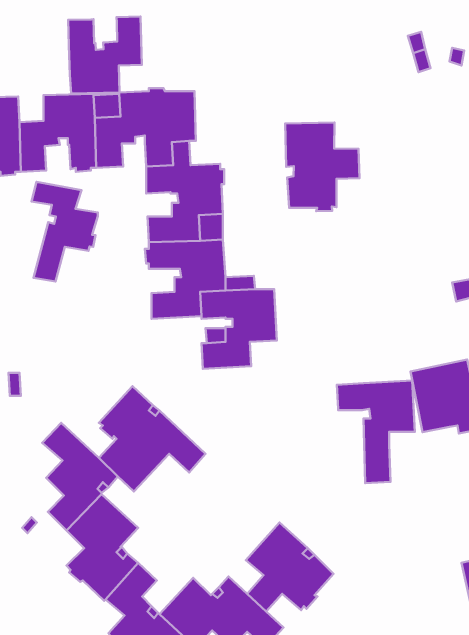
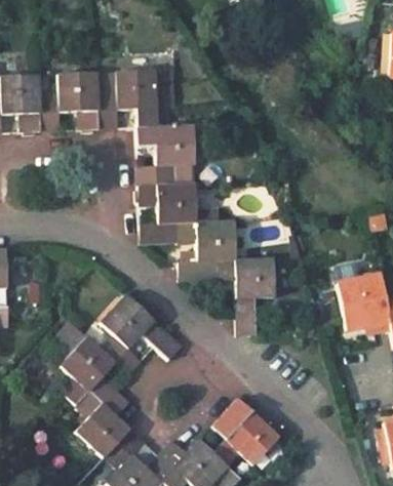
building: [68,17,142,94] -> none
building: [285,123,360,211] -> none
building: [31,182,98,282] -> none
building: [337,381,415,483] -> [214,257,274,335]

